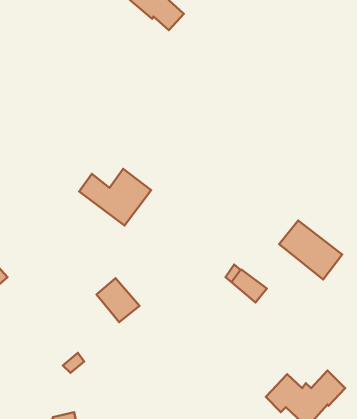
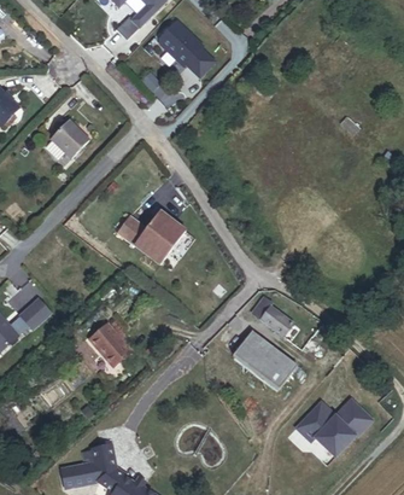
building: none -> [51,121,88,158]
building: [279,220,342,280] -> [235,332,295,389]
building: [97,278,139,322] -> [89,324,130,366]

